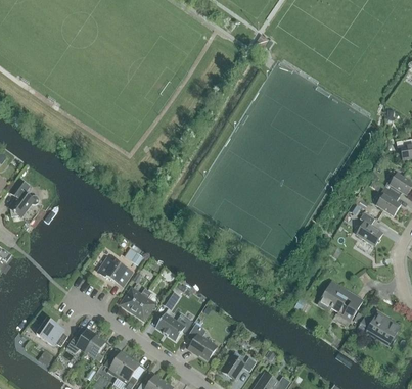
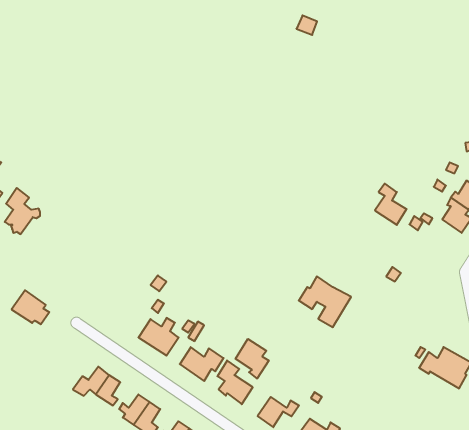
building: [356,210,382,245] -> [375,184,407,225]
building: [97,256,132,285] -> none
building: [318,282,362,325] -> [299,276,351,327]
building: none -> [236,339,269,379]
building: [36,317,67,345] -> [12,290,49,324]

